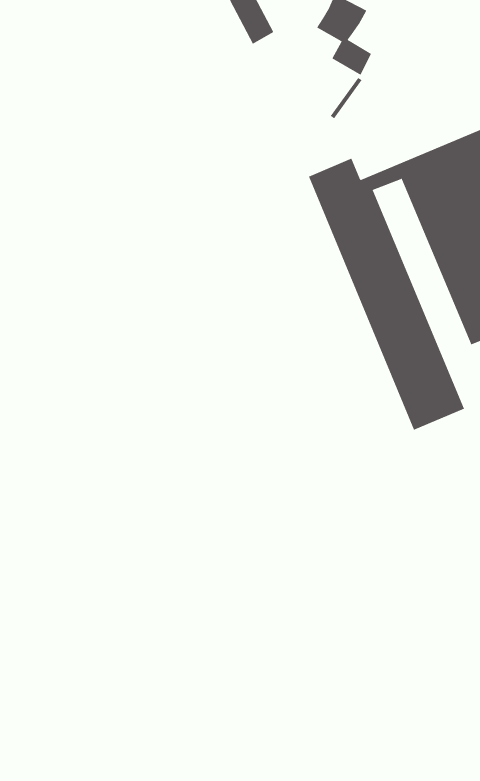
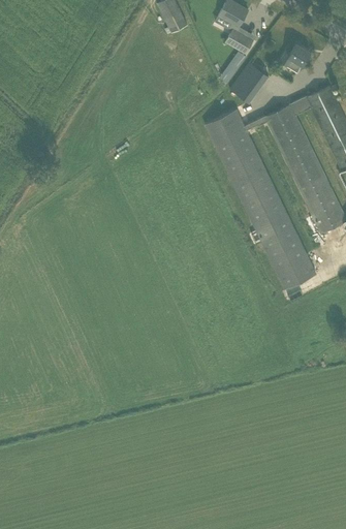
building: none -> [278,43,308,73]
building: none -> [228,62,268,103]

